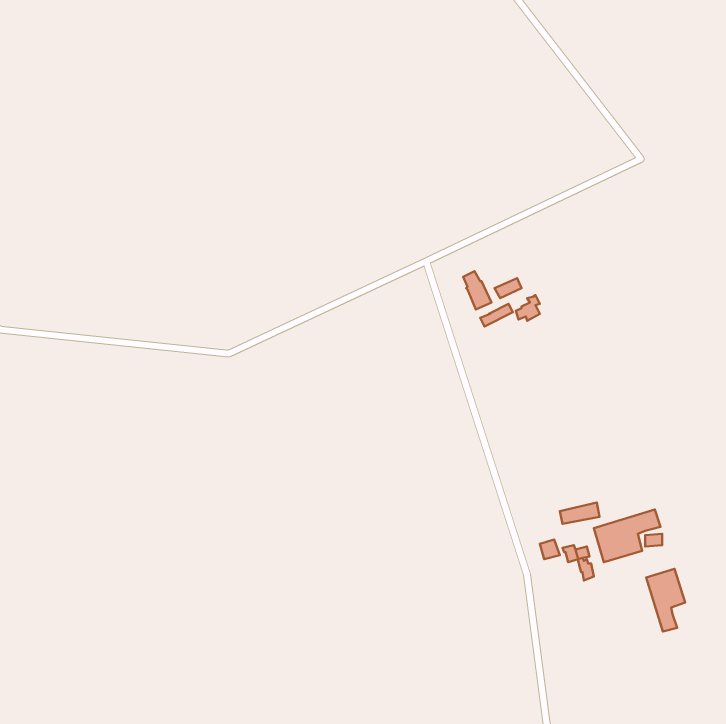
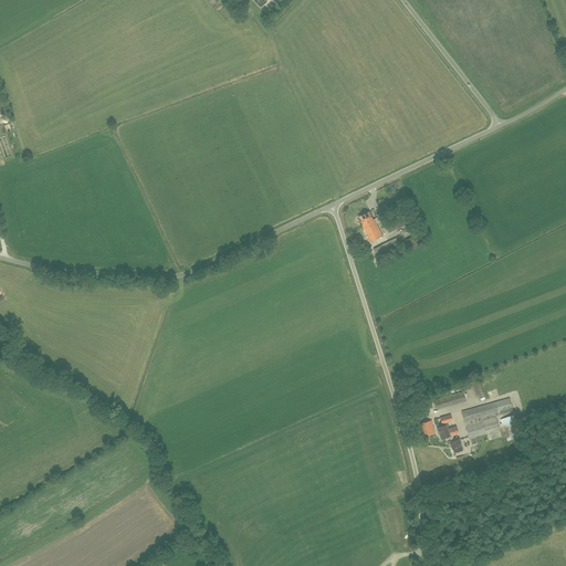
building: [646,569,685,632] -> none

